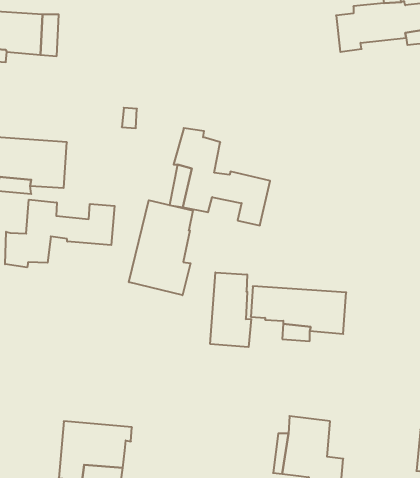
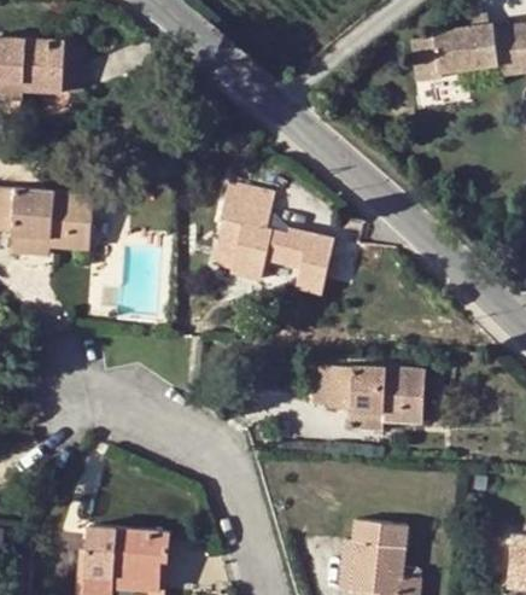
building: [5,200,115,267] -> none
building: [129,200,193,295] -> none
building: [210,272,251,347] -> none

